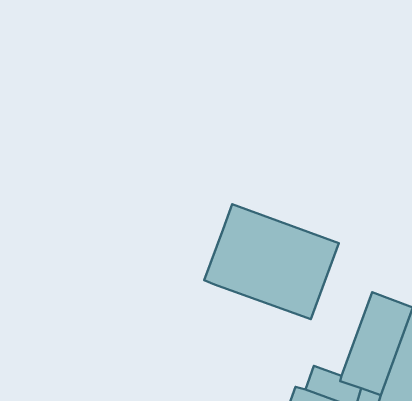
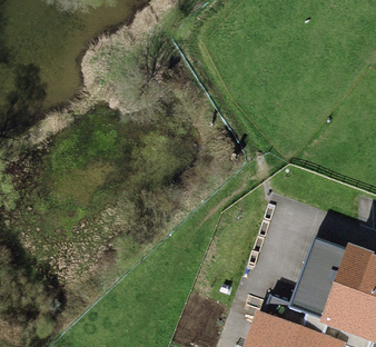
building: [204,204,339,319] -> none

